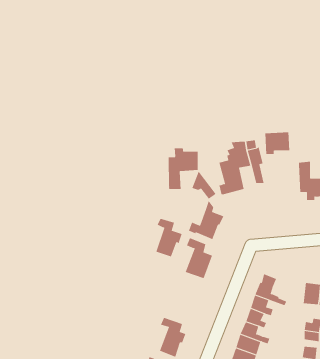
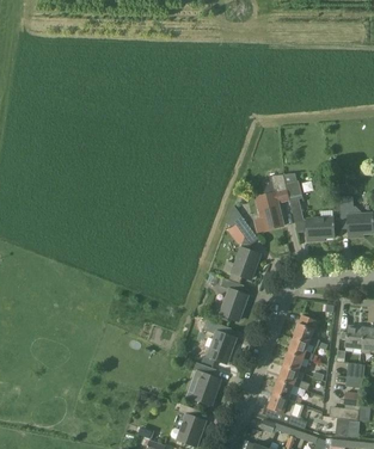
building: [264,132,290,154] -> [306,217,333,241]
building: [168,147,198,190] -> none
building: [156,218,183,257] -> [207,321,235,363]

